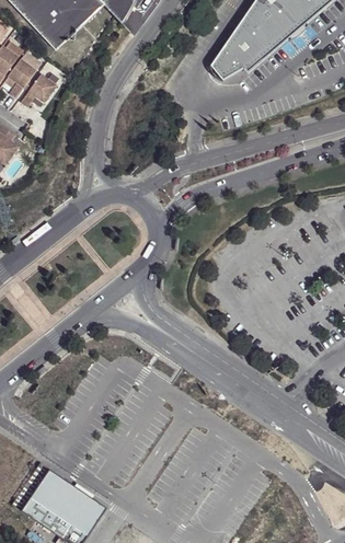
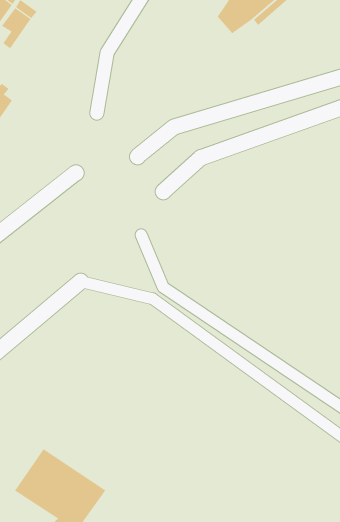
building: [20,71,56,104] -> none

